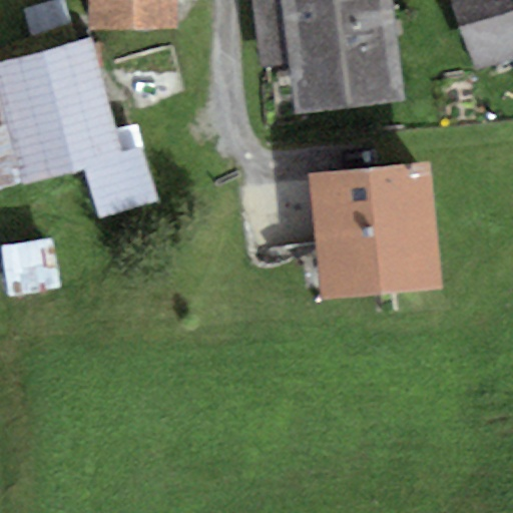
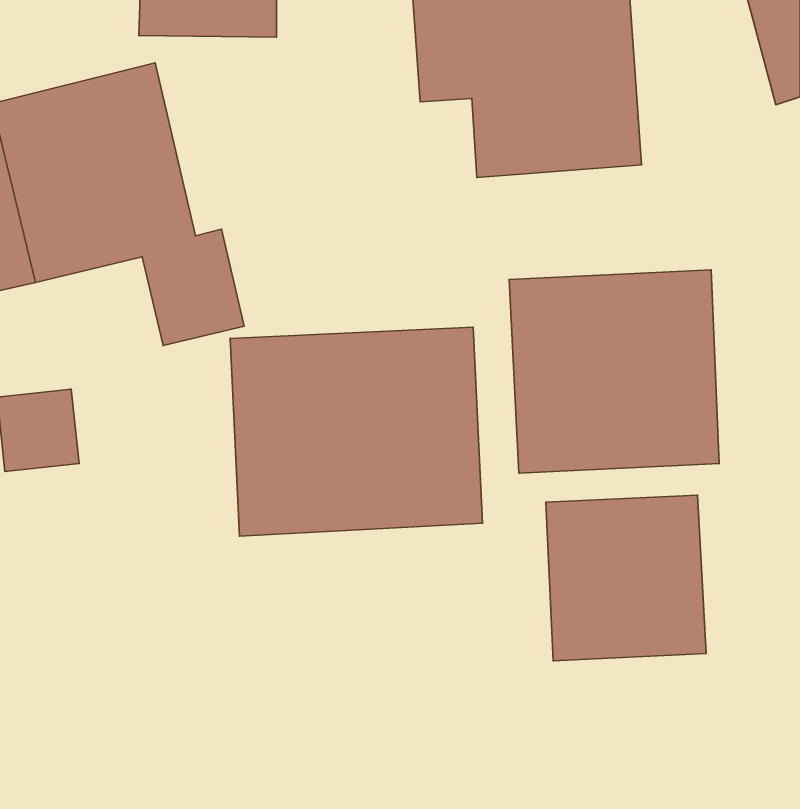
building: none -> [230,327,482,536]
building: none -> [546,495,706,661]

